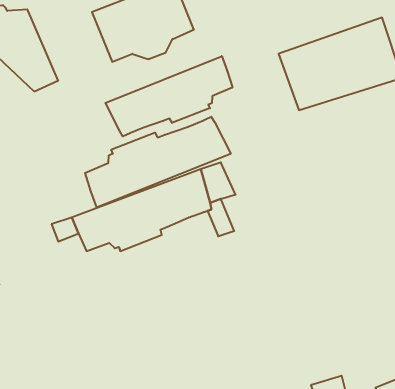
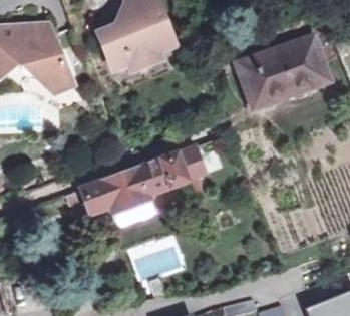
building: [105,56,232,136] -> none
building: [85,117,231,208] -> none

